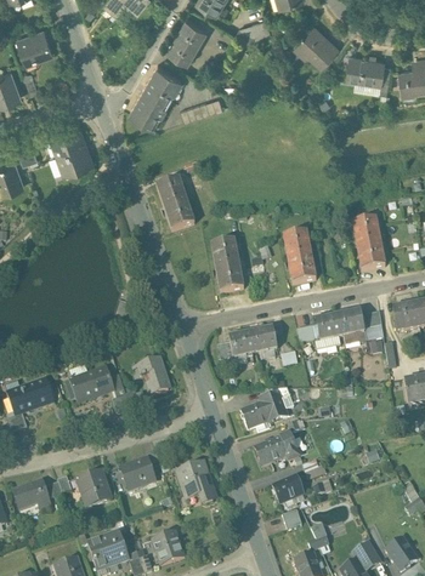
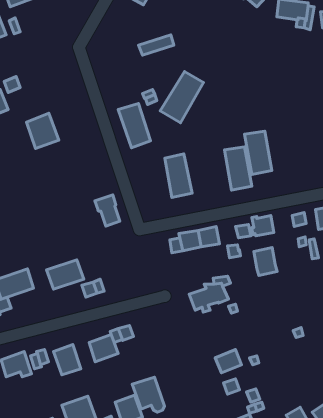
building: [129,63,181,125] -> [160,71,204,123]
building: [52,127,91,170] -> [27,113,59,148]
building: [352,217,385,269] -> [245,131,272,174]
building: [339,308,367,342] -> [254,247,277,276]
building: [137,355,168,393] -> [95,195,120,226]
building: [255,435,287,468] -> none
building: [176,460,215,502] -> [132,377,164,412]

